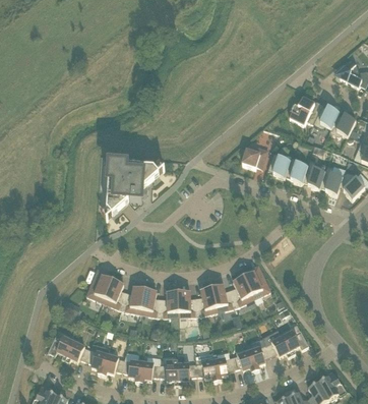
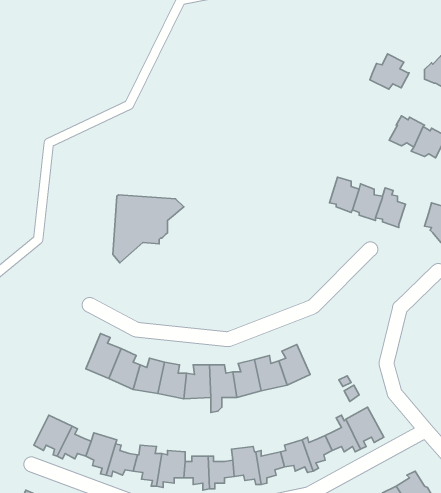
building: [290,97,319,123] -> [370,54,409,89]
building: [242,143,268,167] -> none
building: [320,164,343,193] -> none
building: [244,263,270,297] -> none

